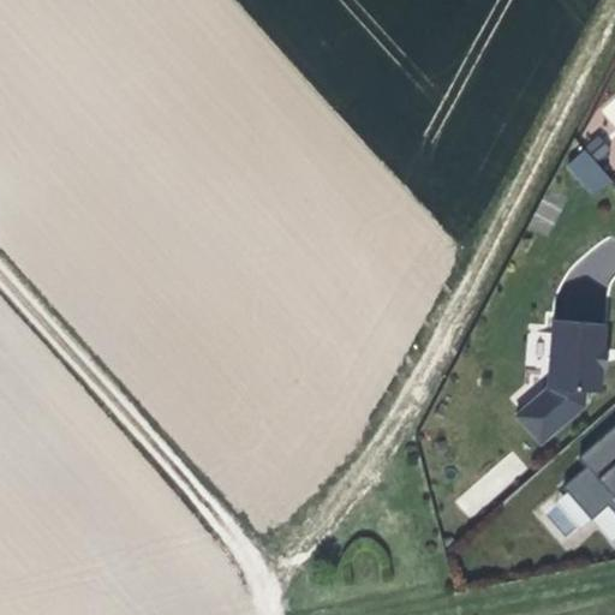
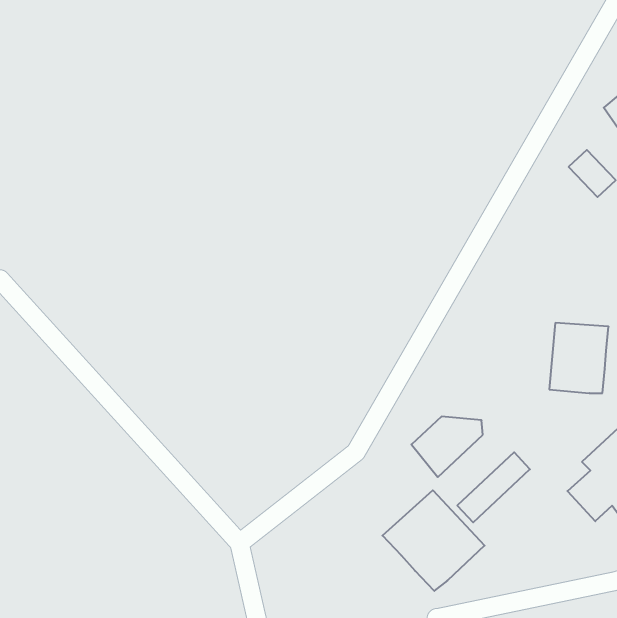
building: [517,387,587,447] -> [411,417,483,477]
building: none -> [382,490,485,591]

